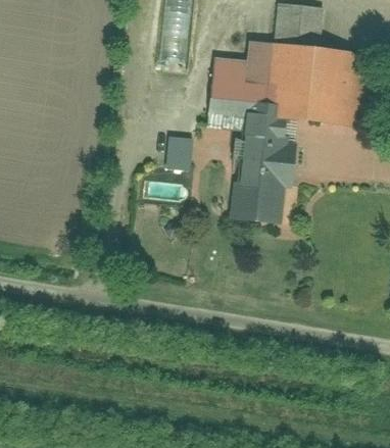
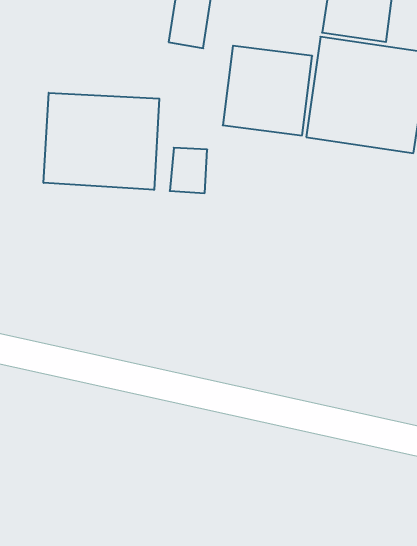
building: none -> [44,93,159,190]
building: [236,118,294,222] -> none

